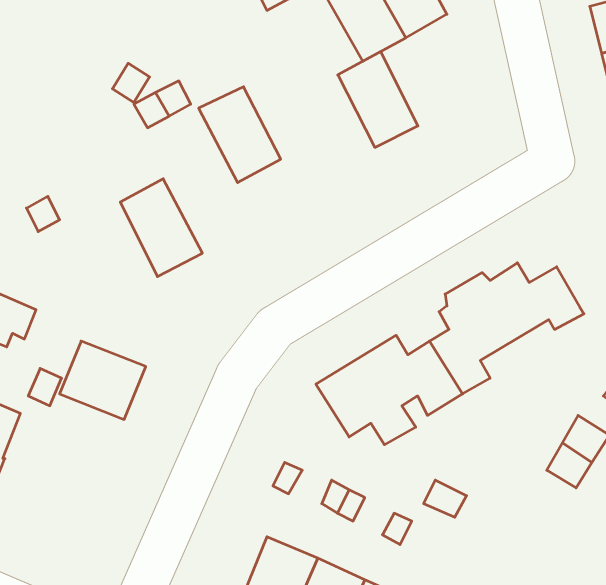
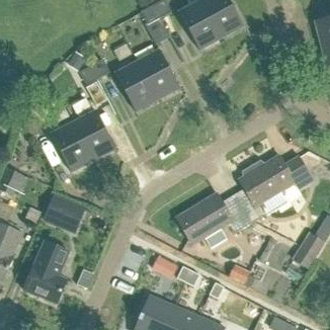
building: [338,52,418,147] -> [137,50,178,99]
building: none -> [51,121,92,171]
building: none -> [23,241,71,303]

